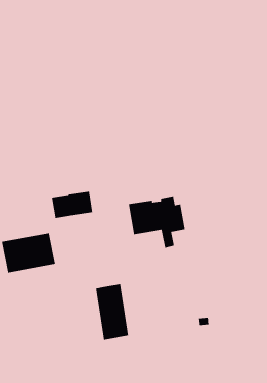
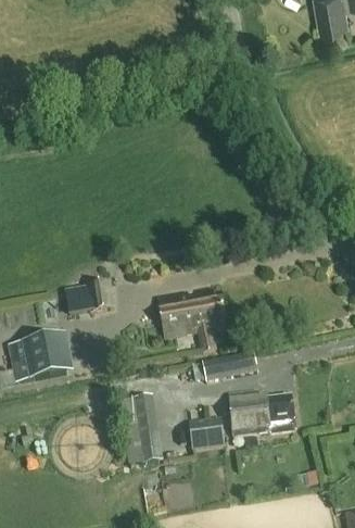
building: none -> [206,352,261,379]
building: none -> [229,390,295,435]
building: none -> [190,417,224,450]

